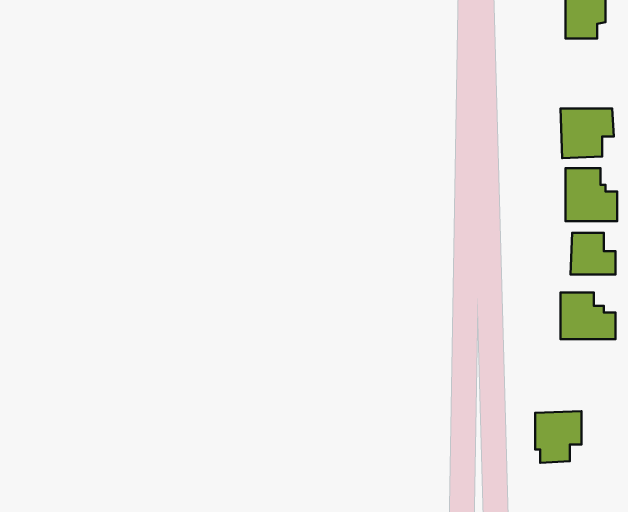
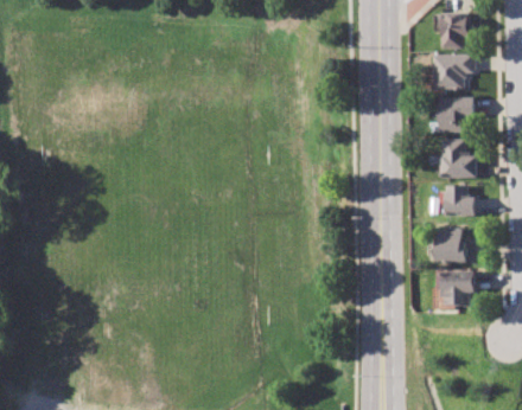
building: none -> [433,55,472,89]
building: [535,411,582,463] -> [441,269,475,306]

